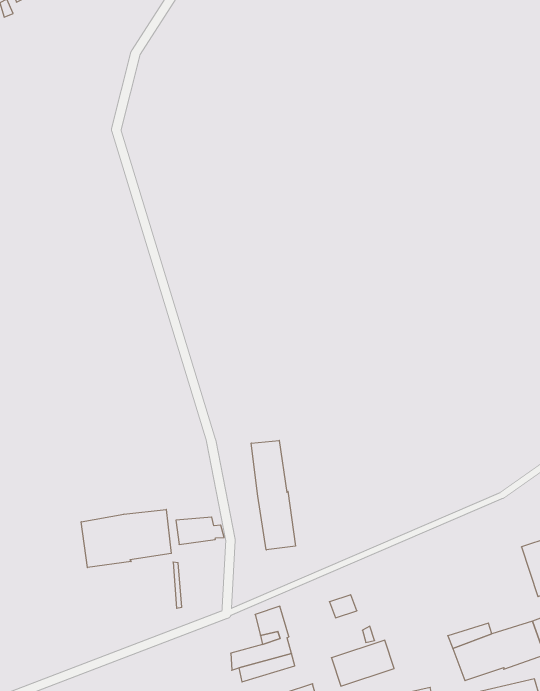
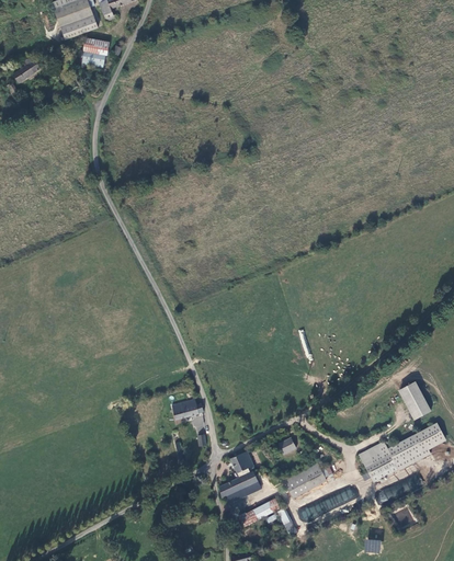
building: [251,440,295,550] -> none
building: [81,509,171,568] -> none

